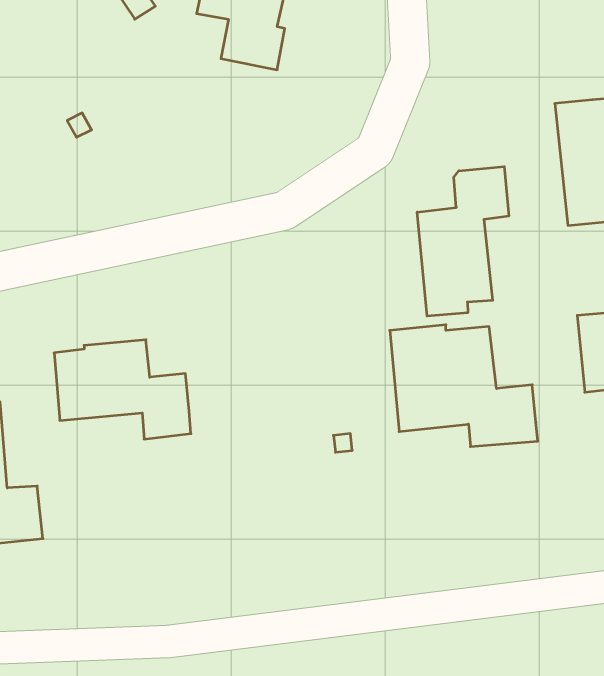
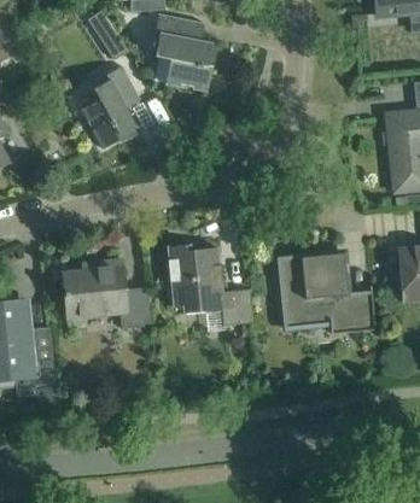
building: none -> [83,65,139,148]
building: [417,167,509,316] -> none
building: none -> [168,244,253,326]

